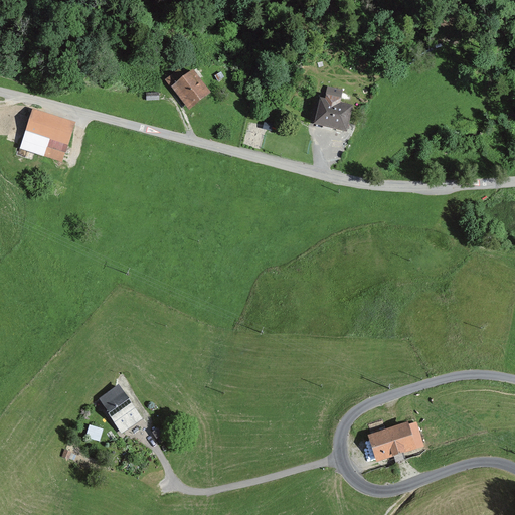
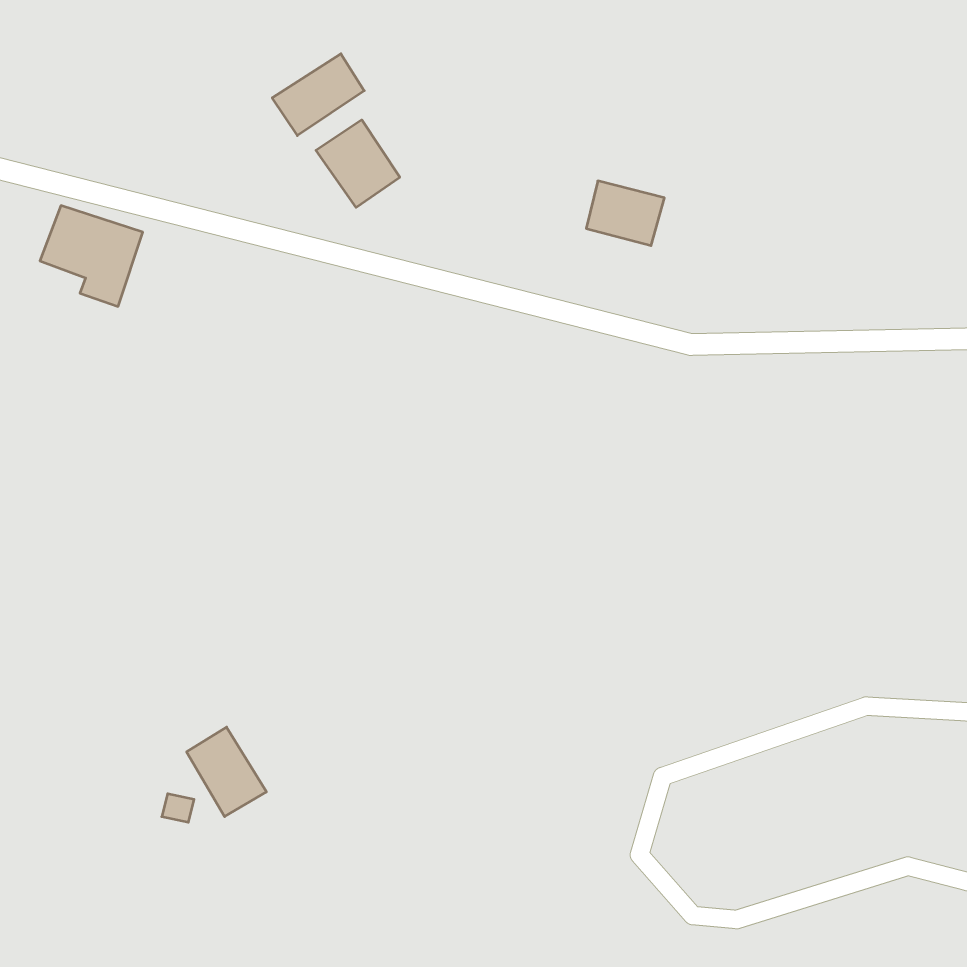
building: none -> [272,54,364,136]
building: [368,420,423,461] -> none

